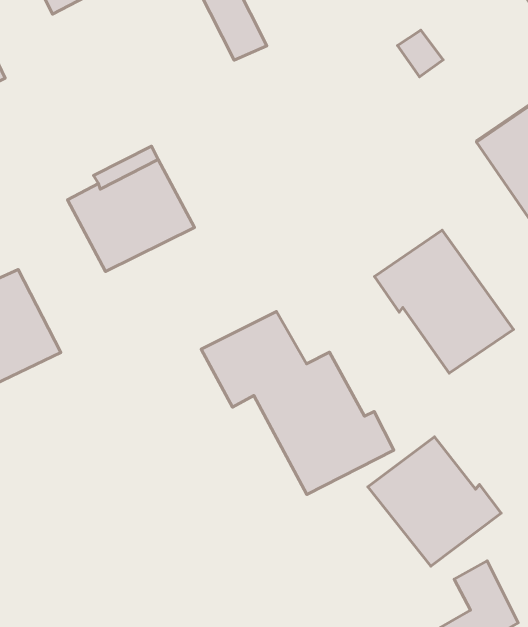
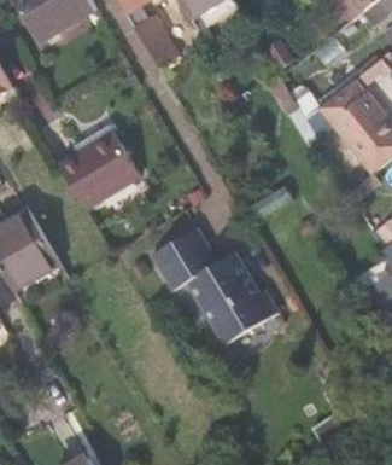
building: [375,230,513,373] -> none
building: [368,437,501,566] -> none

